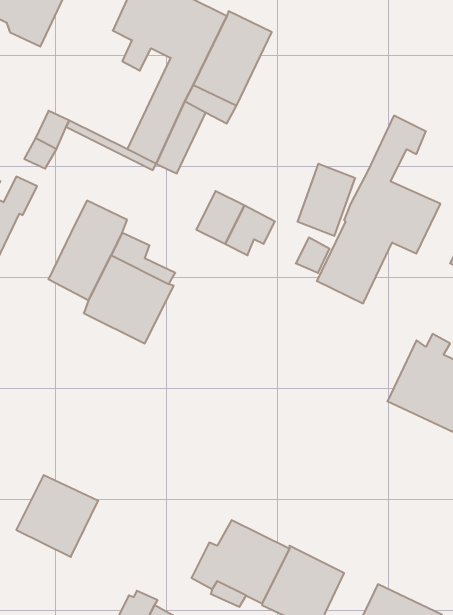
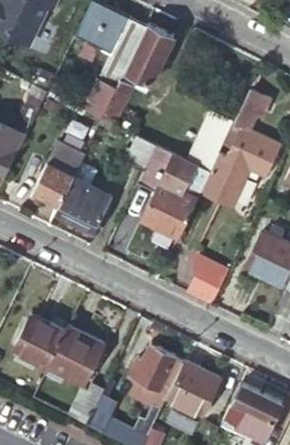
building: none -> [142,181,198,238]
building: none -> [188,250,229,304]
building: none -> [48,325,101,383]

